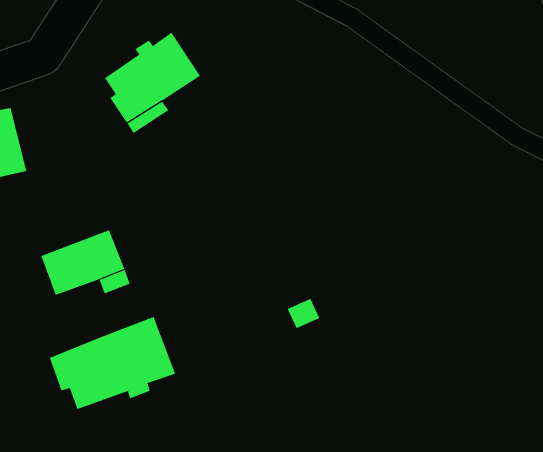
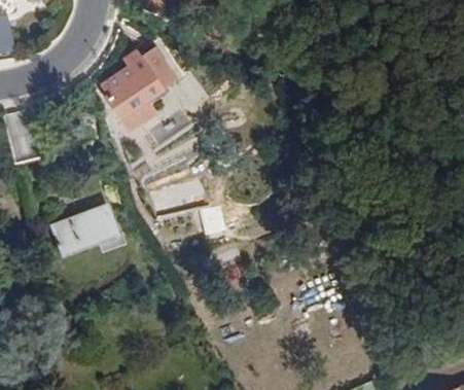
building: [49,316,176,410] -> none

